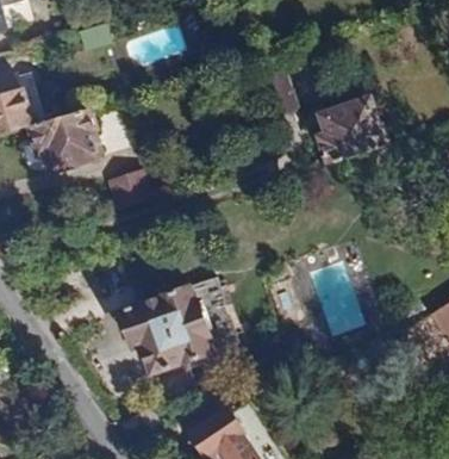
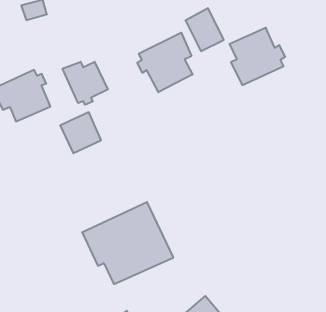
building: none -> [137,33,193,92]
building: none -> [63,62,108,105]

